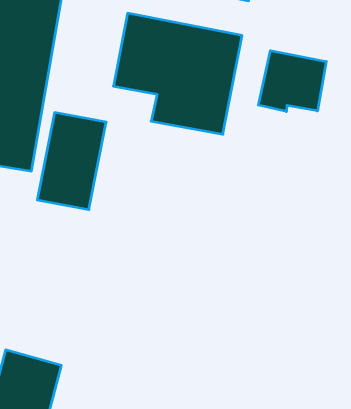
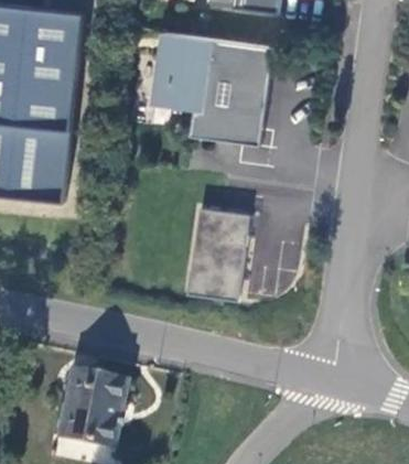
building: [258,51,326,112] -> none
building: [37,113,106,210] -> [187,209,250,302]

